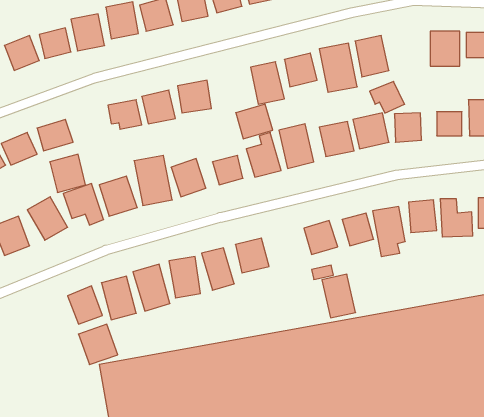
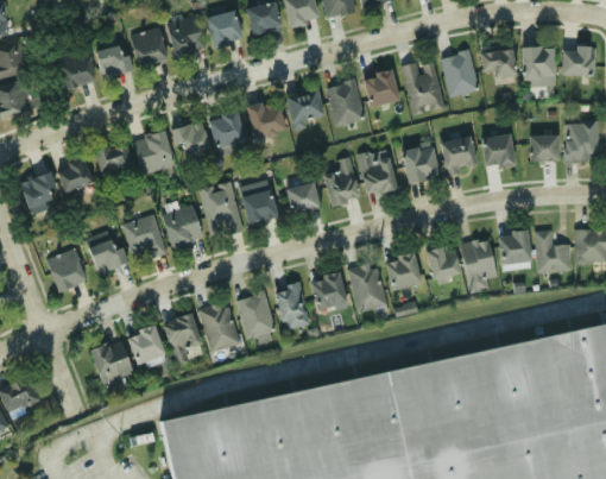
building: [370,81,405,113] -> [480,46,518,81]
building: [236,104,273,139] -> [284,87,324,125]
building: [50,154,86,192] -> [134,132,173,174]
building: [322,274,356,318] -> [348,263,385,310]
building: [78,324,118,365] -> [89,339,132,383]

